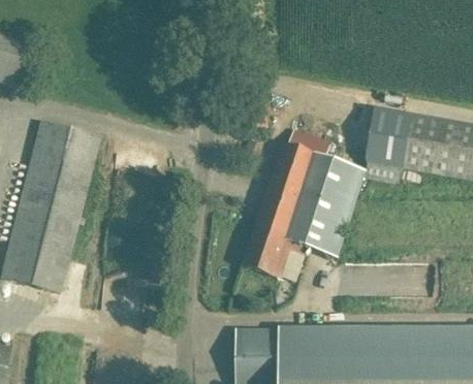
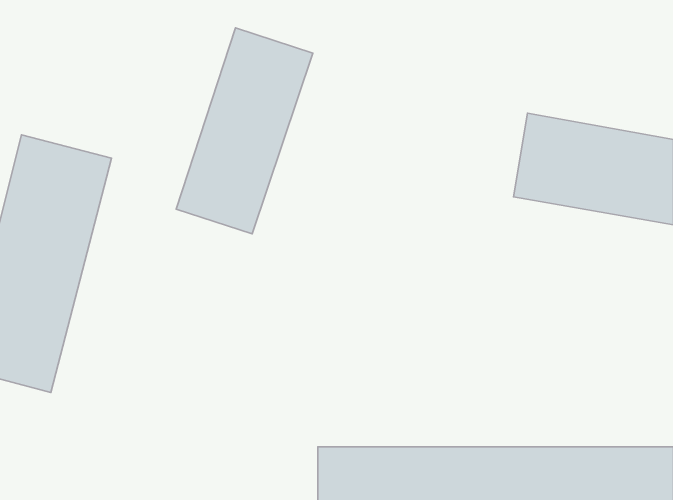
building: none -> [176,28,313,234]
building: [244,128,367,281] -> none

